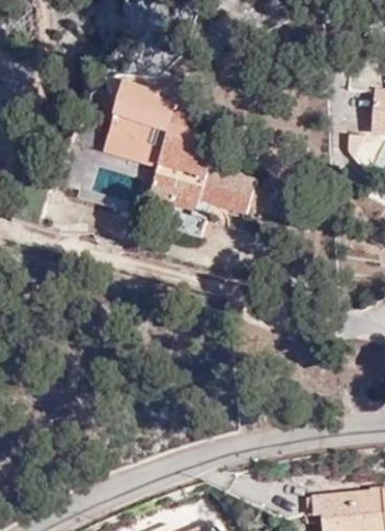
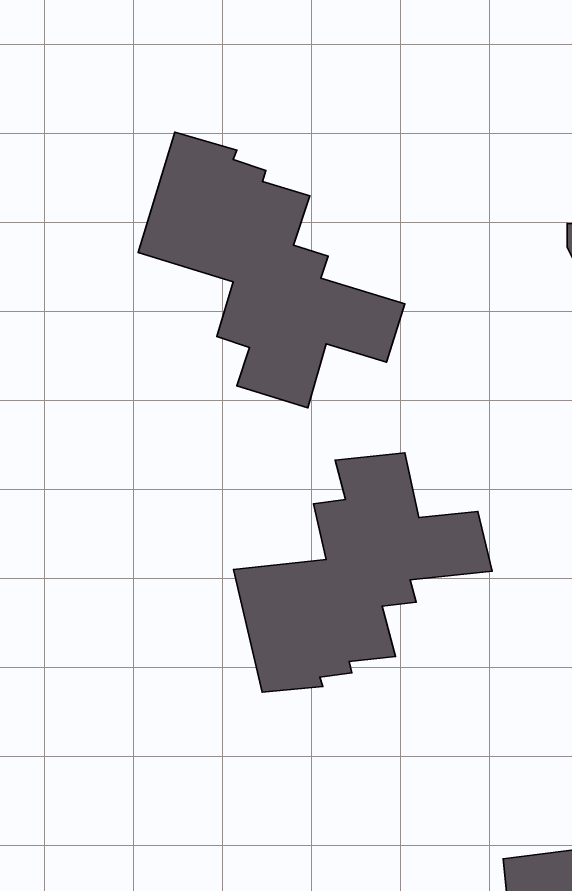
building: none -> [234,453,492,692]

